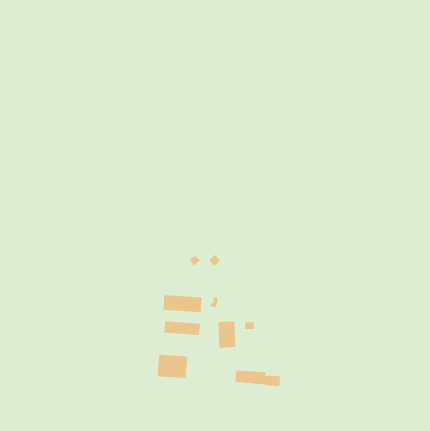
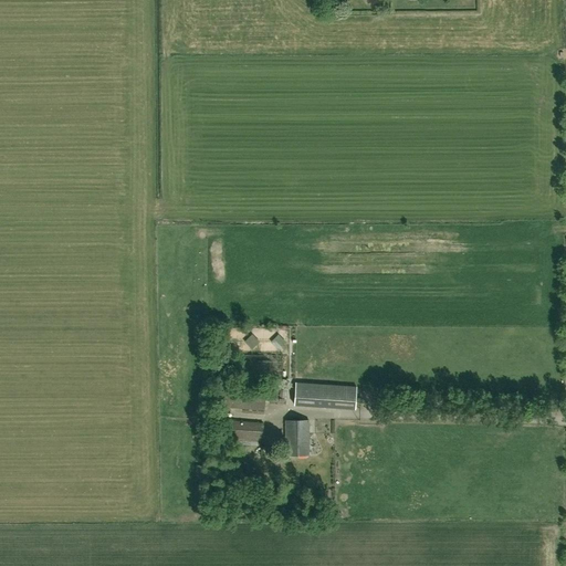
building: [156,354,188,379] -> none
building: [235,370,281,387] -> [295,388,356,410]

